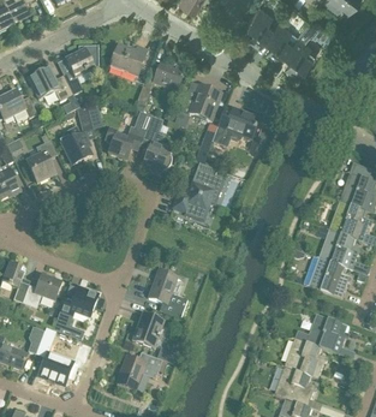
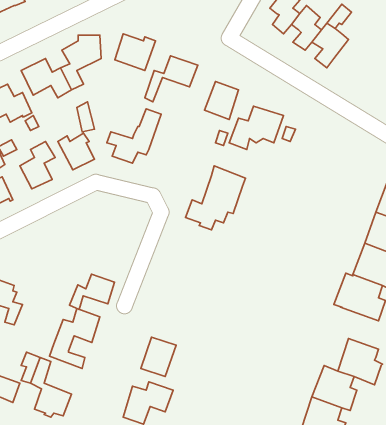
building: [139,114,168,172] -> none
building: [148,269,186,316] -> none
building: [20,273,60,304] -> [70,274,114,309]

